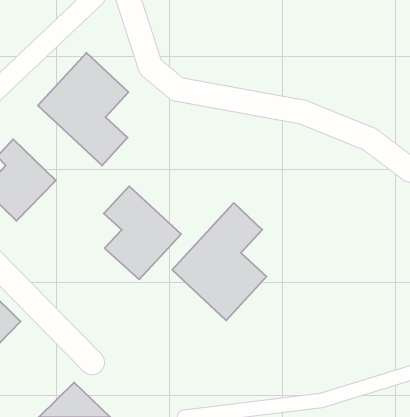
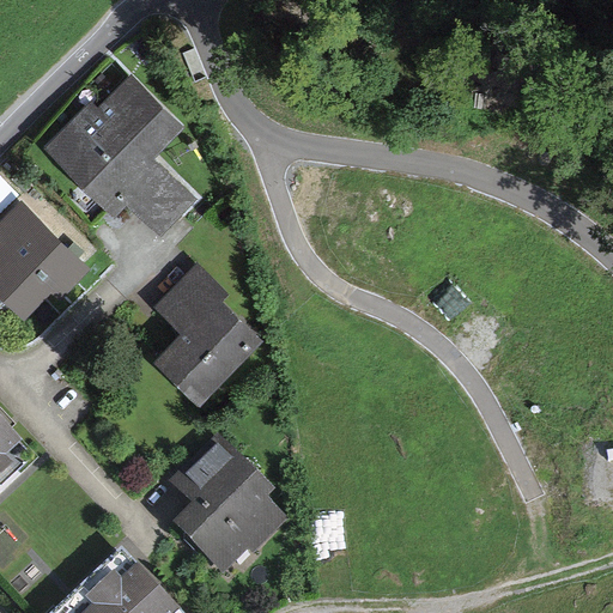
building: [172,203,266,320] -> none
building: none -> [168,441,280,564]

